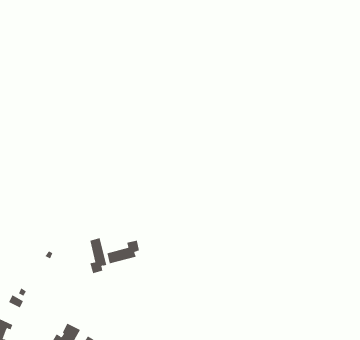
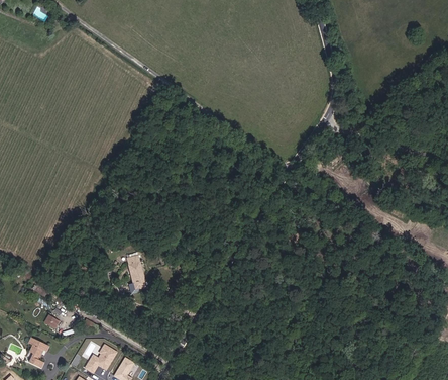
building: [107,240,140,264] -> none

